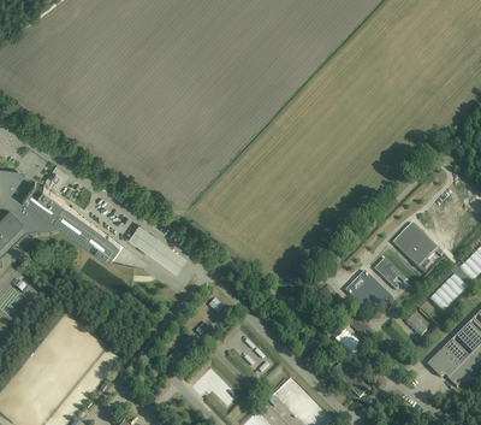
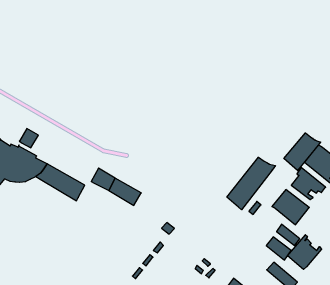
building: none -> [284,133,321,171]
building: none -> [227,157,275,210]
building: none -> [287,235,322,269]

